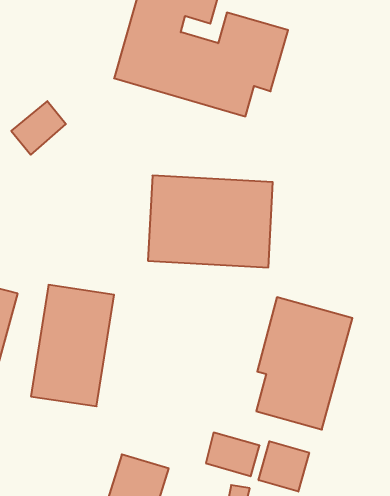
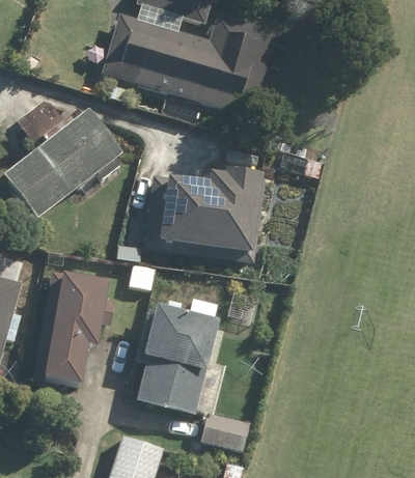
building: none -> [7,109,124,222]
building: [256,297,352,430] -> [134,289,225,415]
building: [259,441,309,492] -> none

